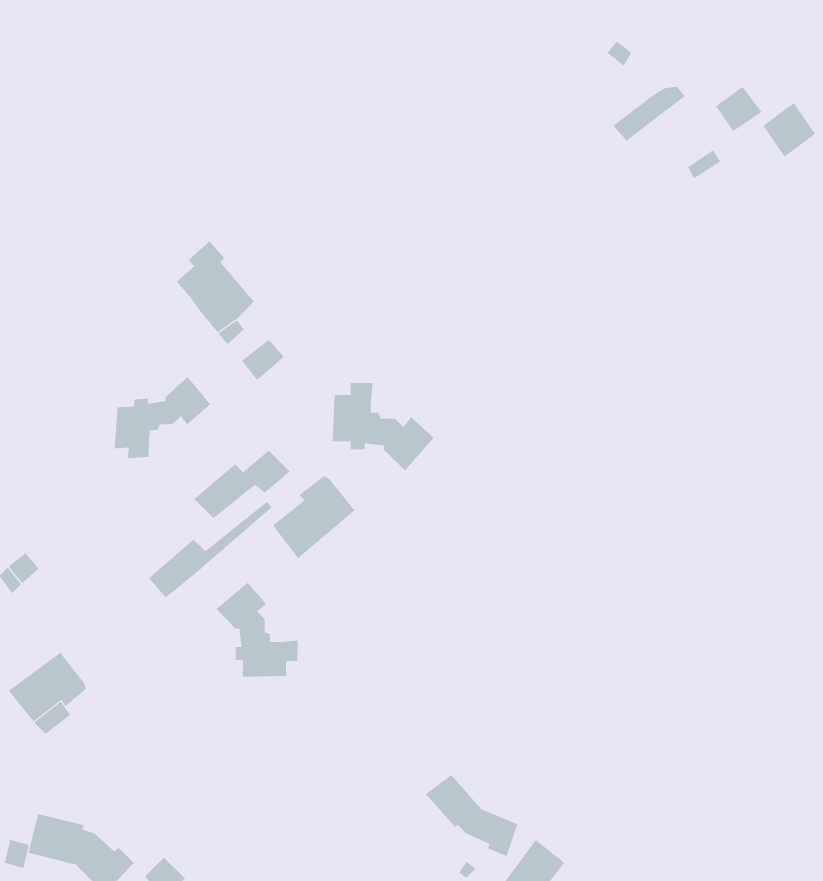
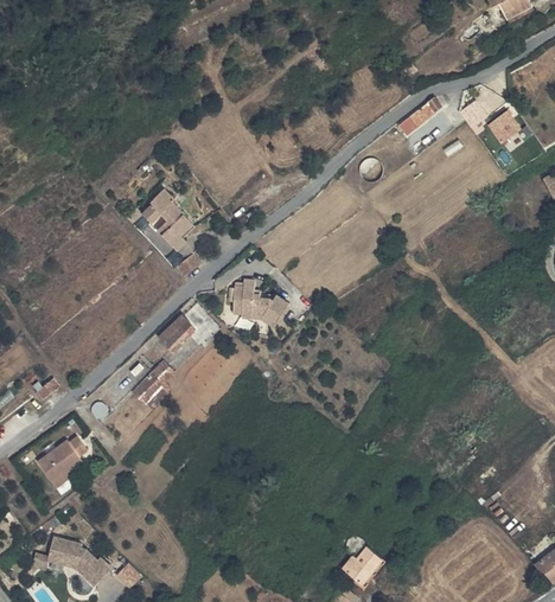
building: [114,376,211,459] -> none
building: [272,475,356,559] -> none
building: [216,582,298,678] -> none
building: [425,774,518,857] -> none

